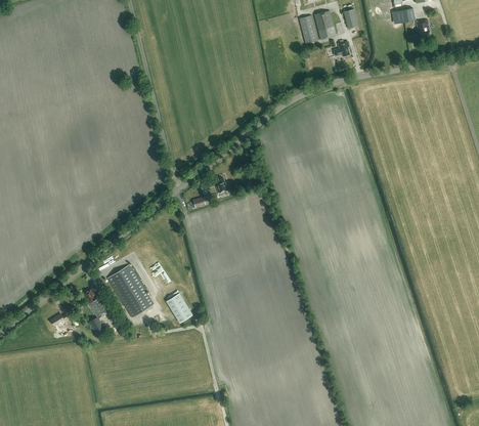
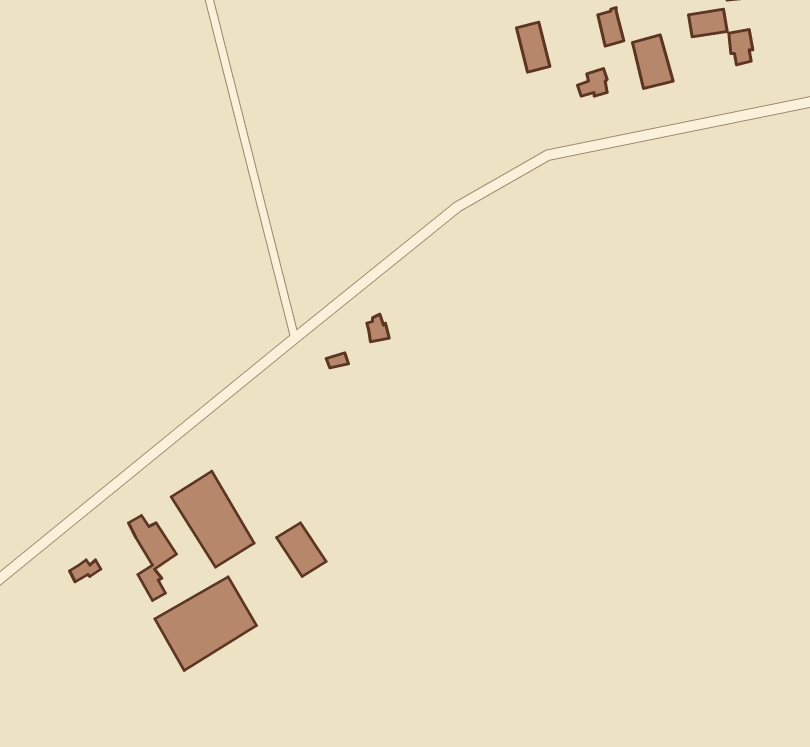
building: [313,10,336,40] -> [632,35,673,89]
building: none -> [155,577,256,670]

